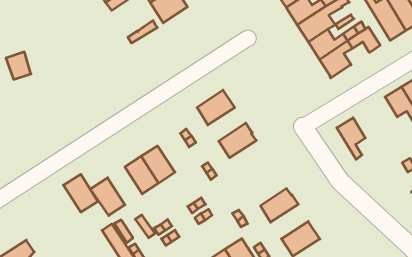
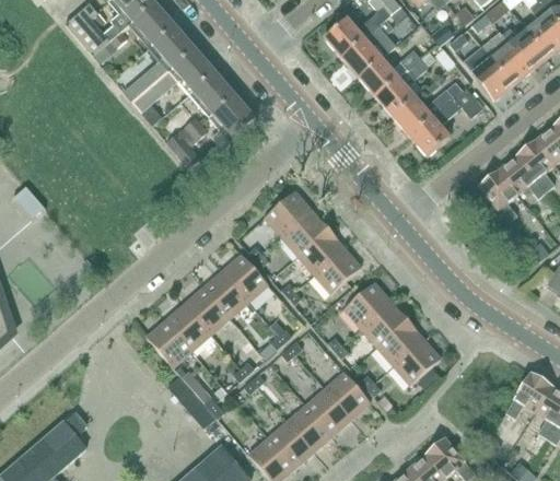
building: none -> [208,93,256,140]
building: none -> [172,124,207,167]
building: none -> [281,210,328,255]
building: [337,118,365,159] -> [479,171,516,222]
building: none -> [222,254,268,301]
building: none -> [314,247,361,293]
building: none -> [343,282,390,328]
building: [63,174,98,212] -> [165,303,211,350]
building: none -> [376,319,423,365]

